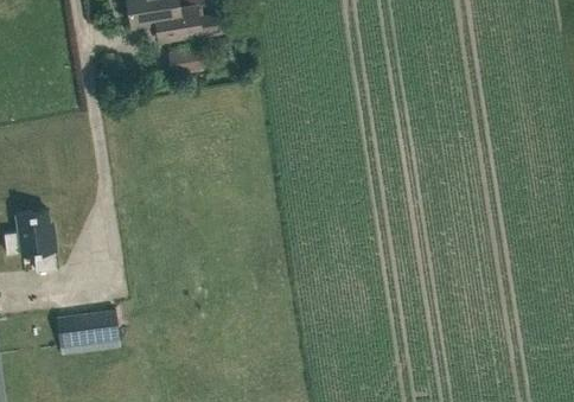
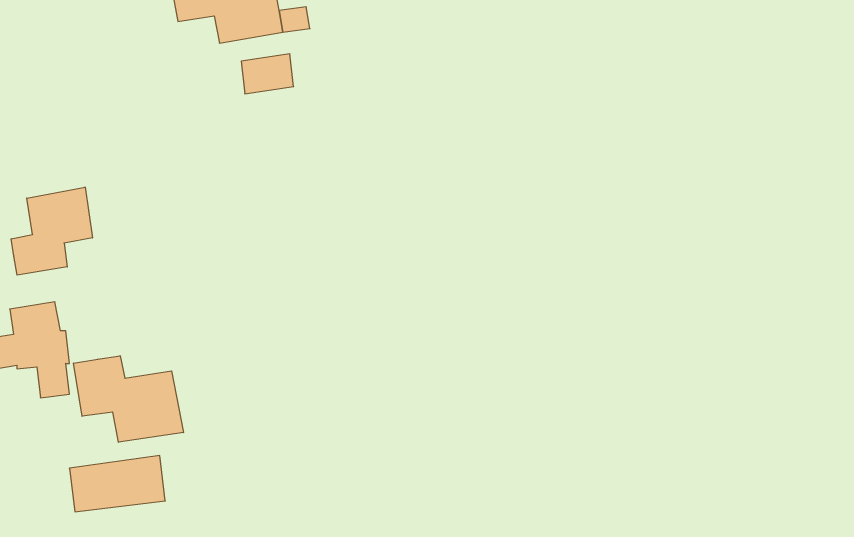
building: none -> [11,187,92,275]
building: none -> [74,356,183,442]

